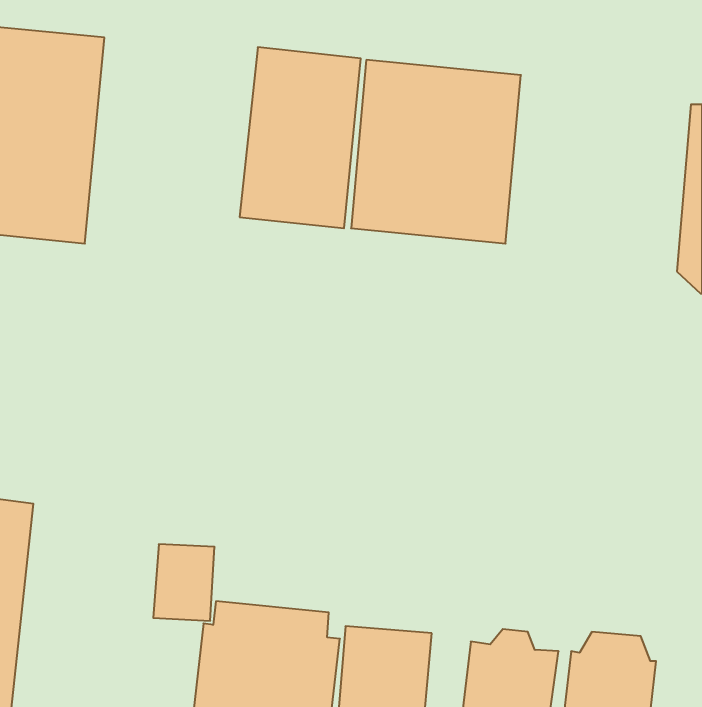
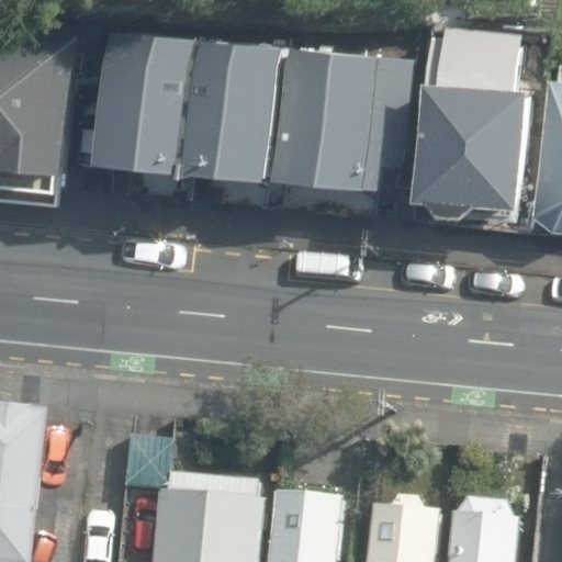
building: none -> [103,32,203,175]
building: none -> [417,87,530,220]

